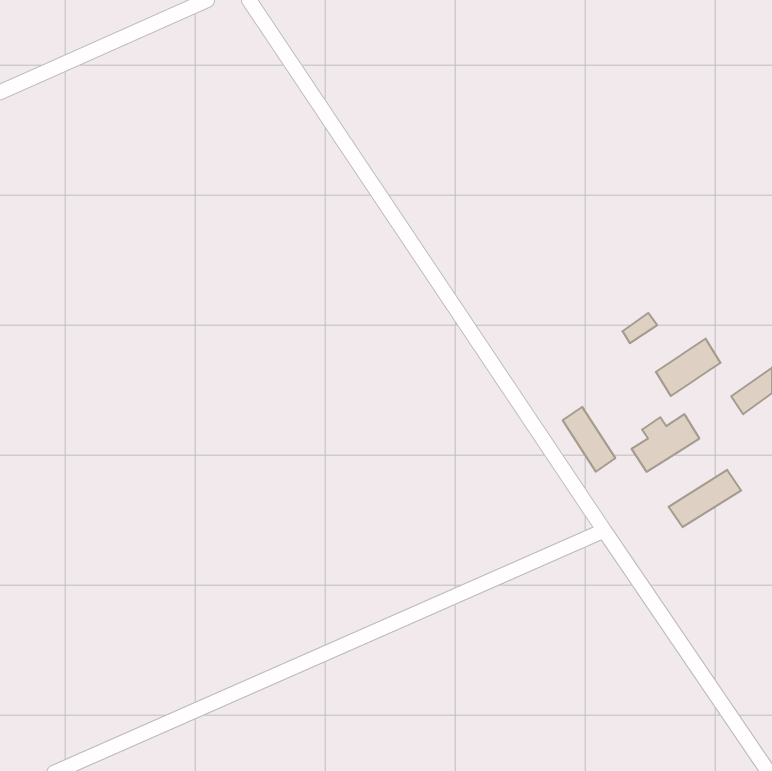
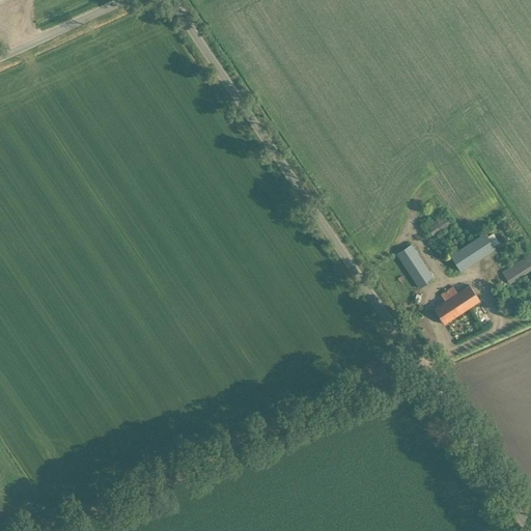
building: [563,407,615,472] -> [397,245,434,289]
building: [669,470,741,527] -> none

